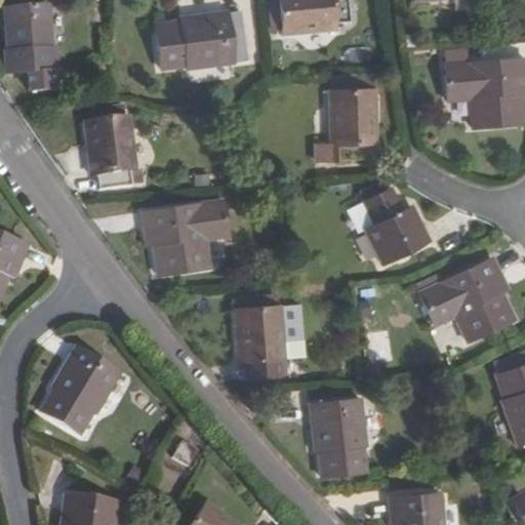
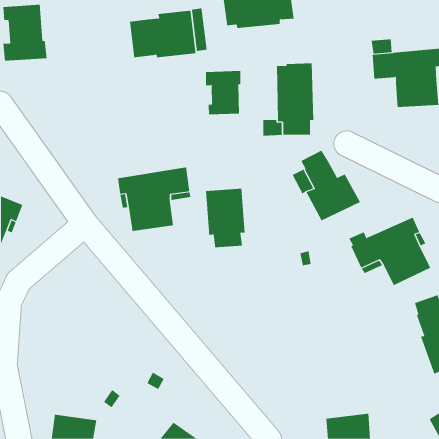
building: none -> [206,70,241,115]
building: [84,108,135,191] -> none
building: [235,308,283,378] -> [205,188,245,248]
building: [41,347,119,435] -> none
building: [310,398,366,477] -> none

